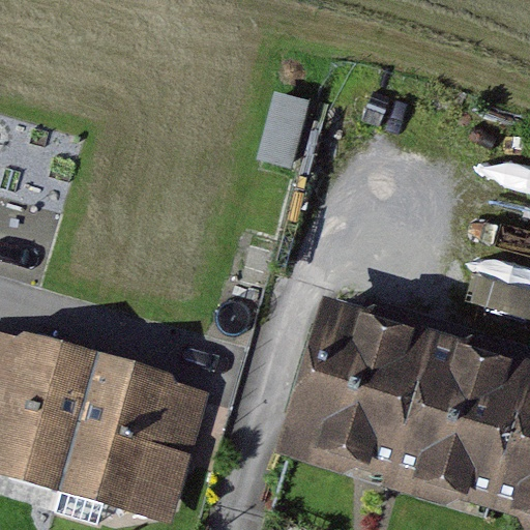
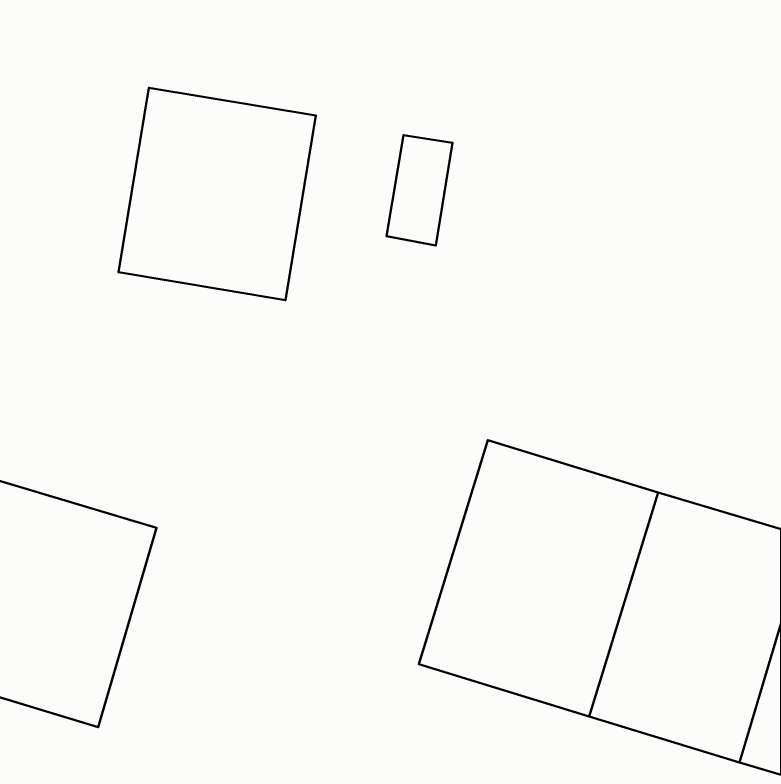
building: none -> [118,88,316,300]
building: [66,356,220,524] -> none

